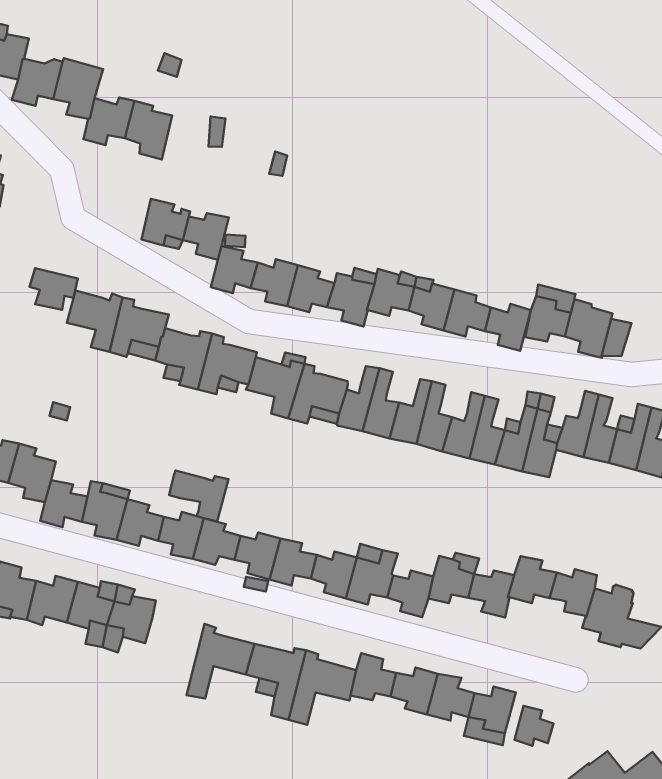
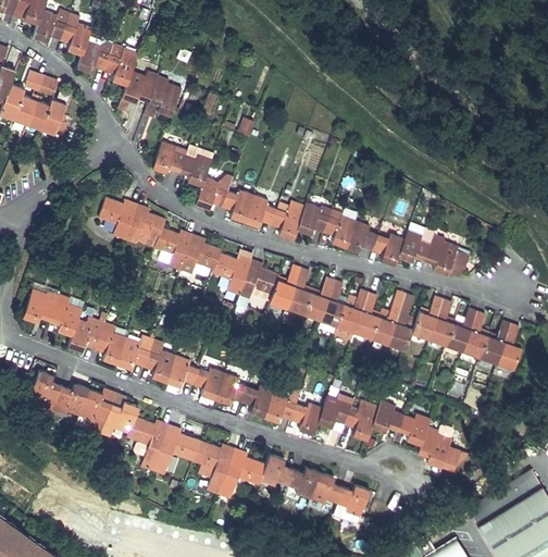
building: [29,268,78,310] -> none
building: [169,471,229,522] -> none
building: none -> [128,417,170,470]
building: [514,706,553,746] -> none

